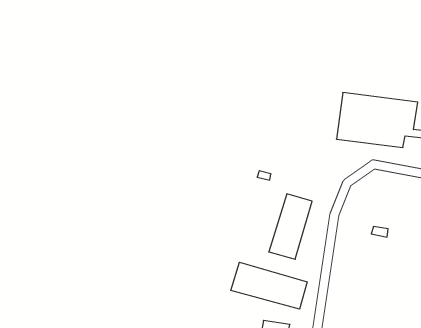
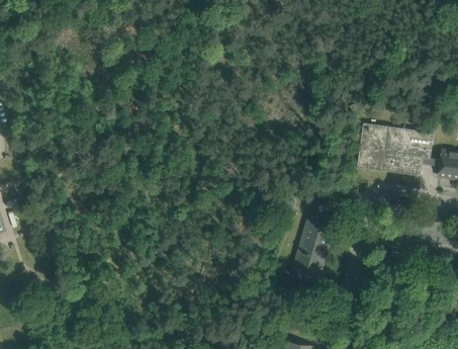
building: [231,262,307,309] -> none

